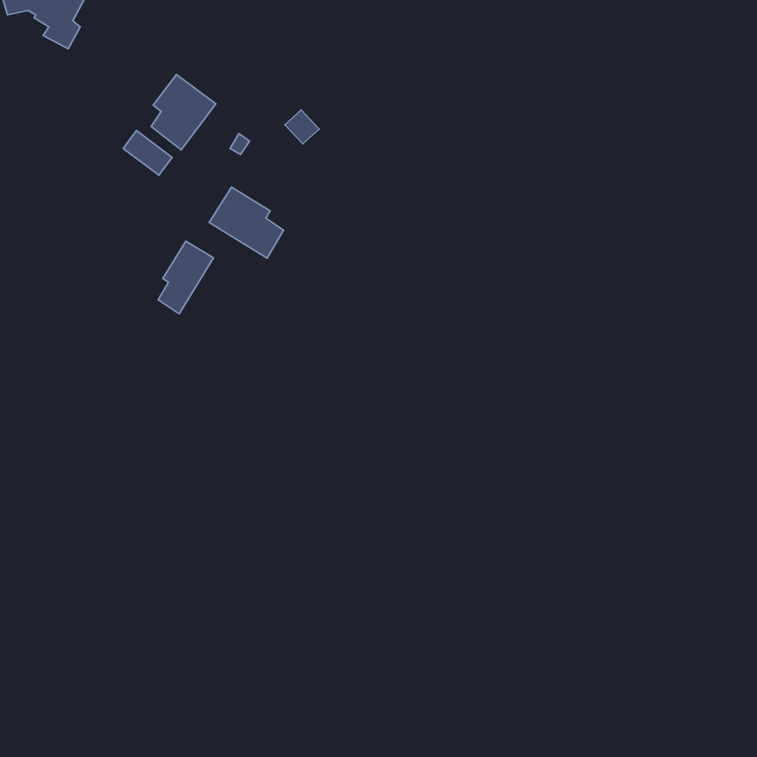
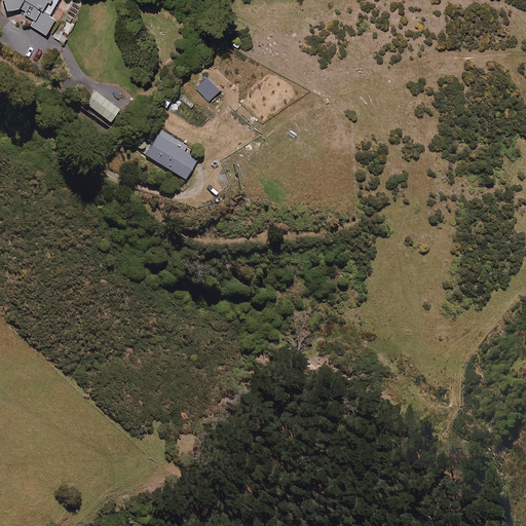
building: [151,75,216,150] -> none
building: [158,241,213,314] -> none

